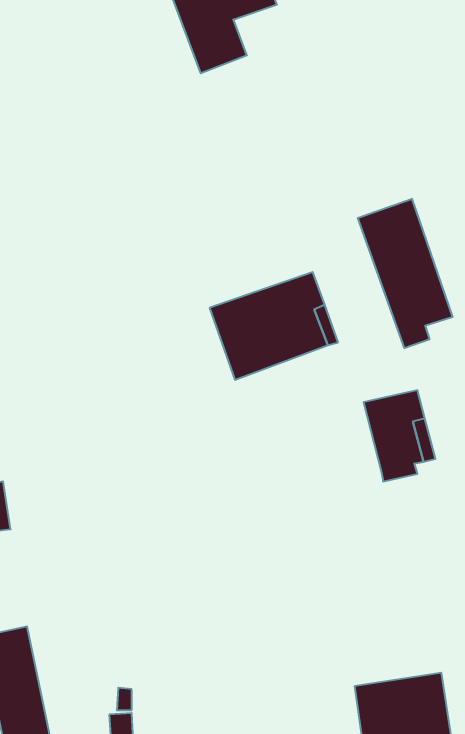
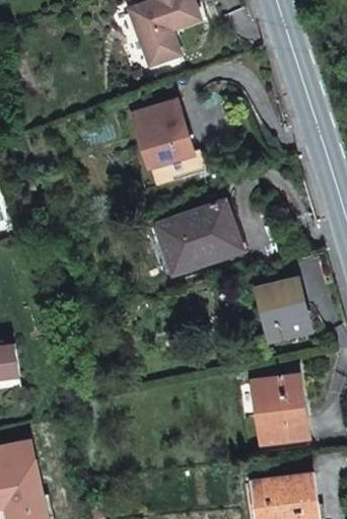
building: none -> [132,99,205,186]
building: [358,199,453,348] -> none
building: none -> [254,374,306,442]

